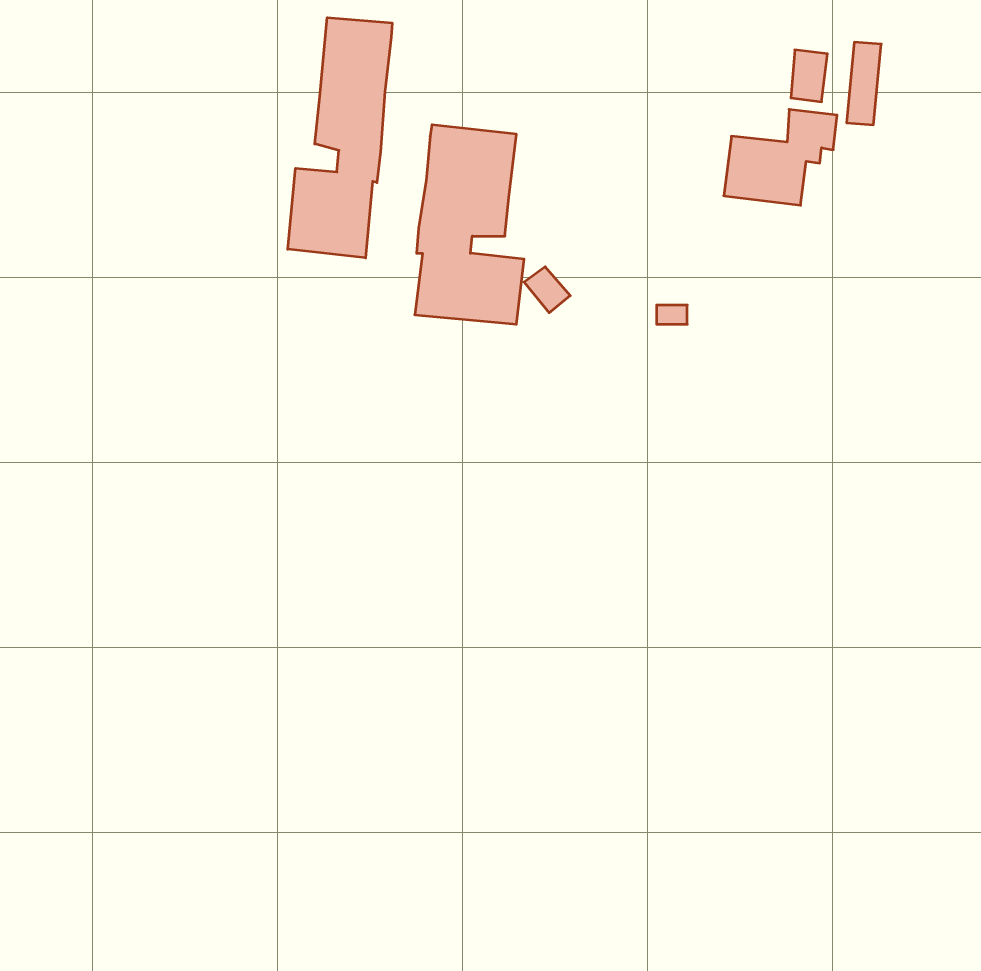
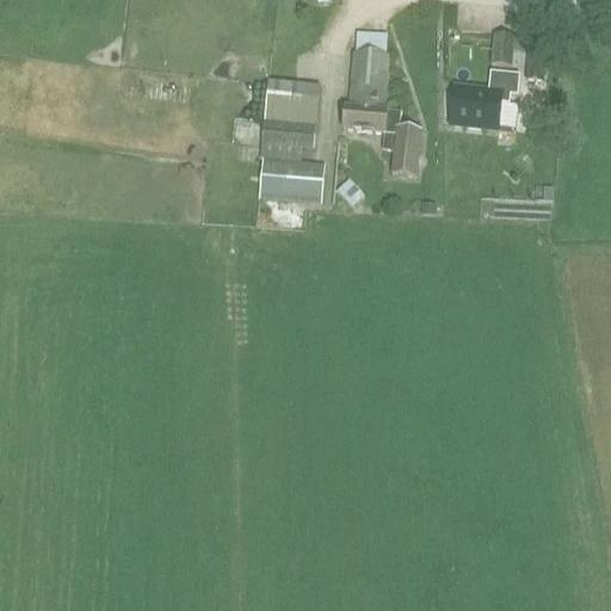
building: [288,18,392,258] -> none
building: none -> [342,29,420,174]

